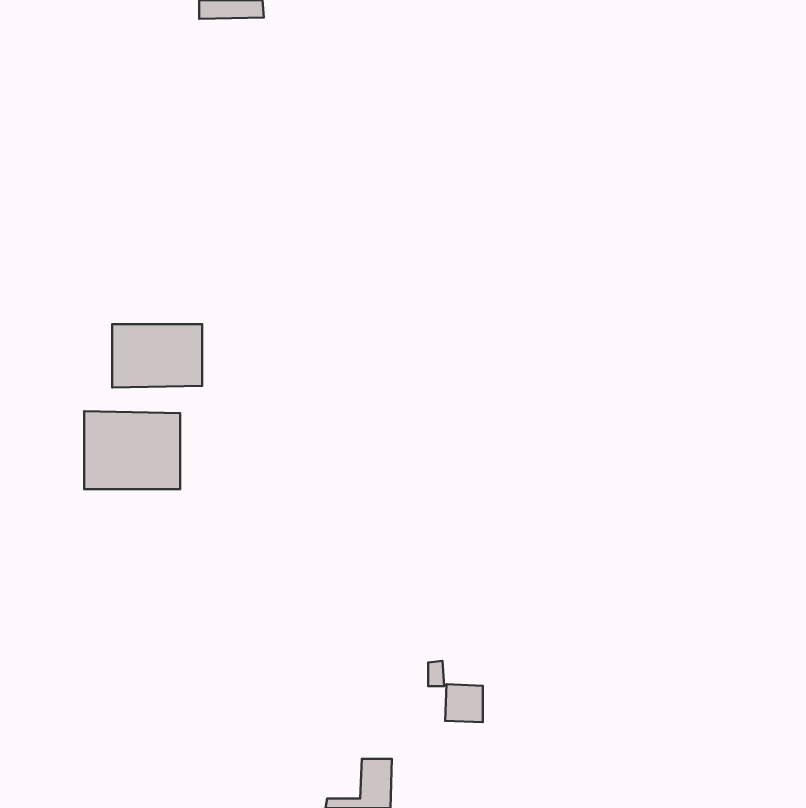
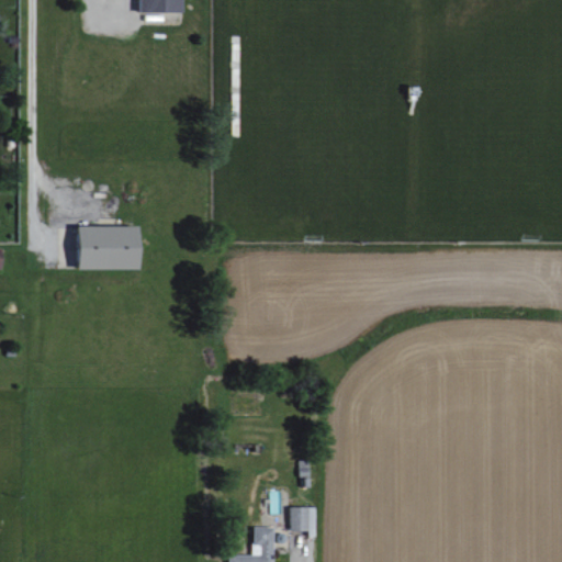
building: [84,411,180,489] -> none
building: [445,684,483,722] -> [288,506,314,532]

